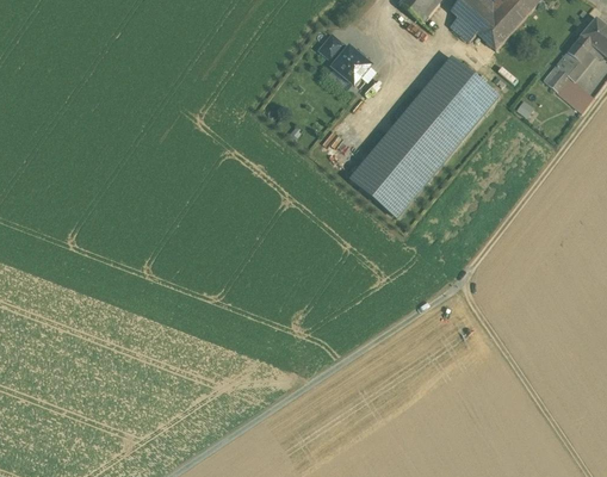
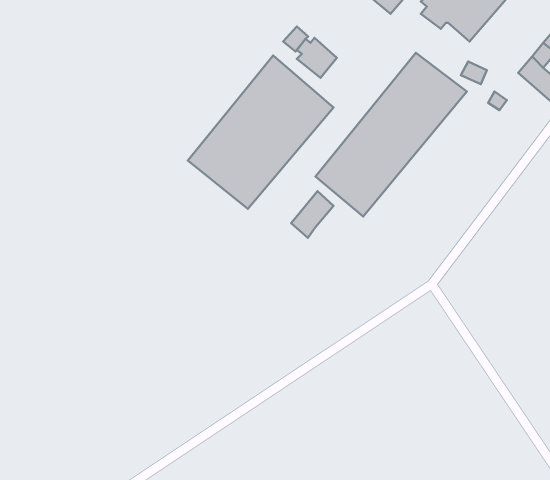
building: none -> [188,55,334,209]
building: none -> [291,191,333,238]

